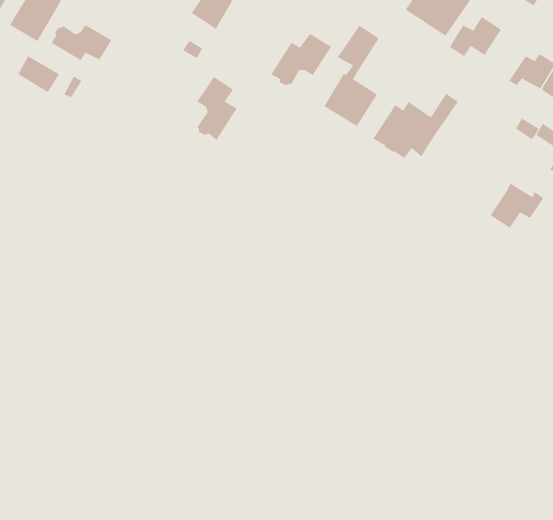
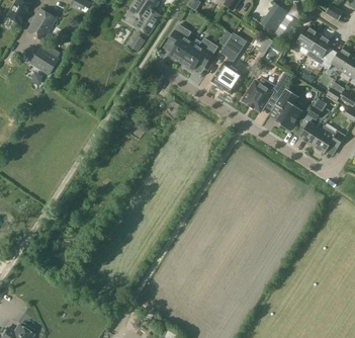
building: [51,24,112,61] -> none
building: none -> [309,35,334,66]
building: [197,76,237,141] -> [170,23,194,62]
building: none -> [270,88,304,132]
building: none -> [300,107,323,146]

